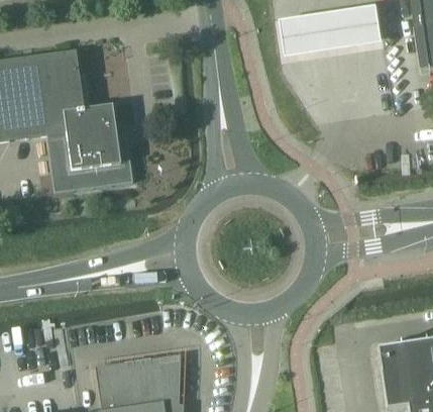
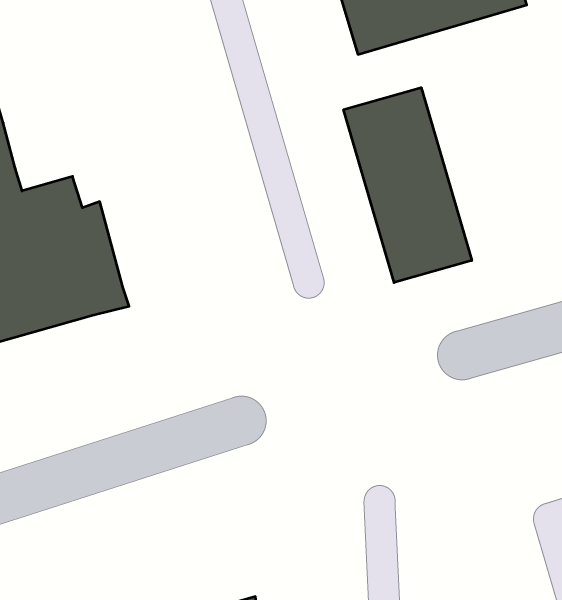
building: none -> [344,88,472,283]

